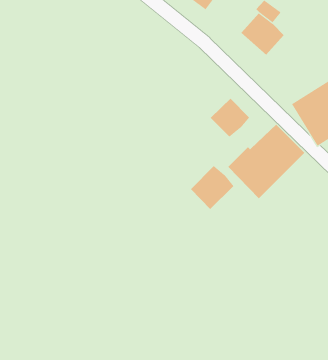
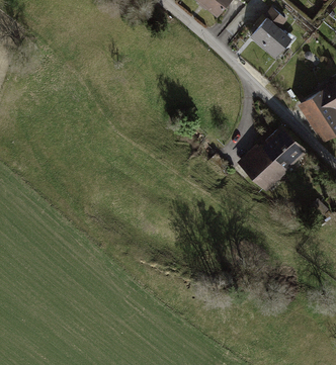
building: [210,98,250,137] -> none
building: [190,165,234,210] -> none

